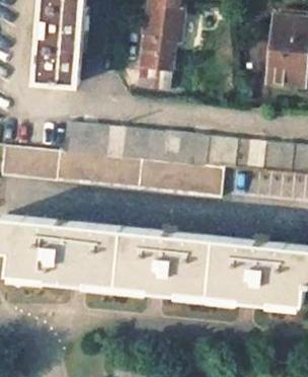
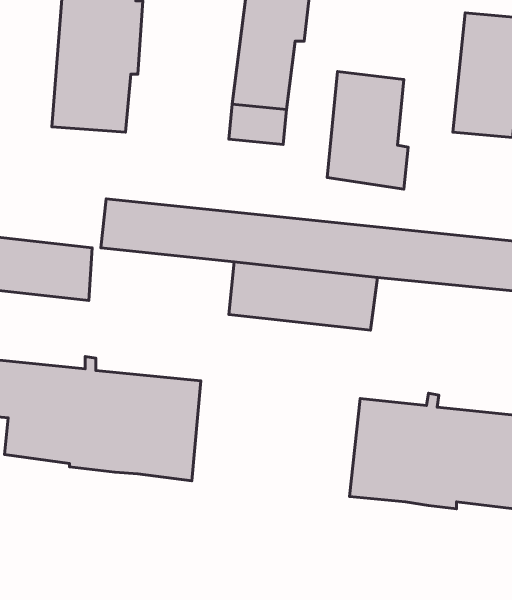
building: none -> [327,71,408,189]
building: [57,151,141,190] -> none
building: [117,225,214,295] -> none

